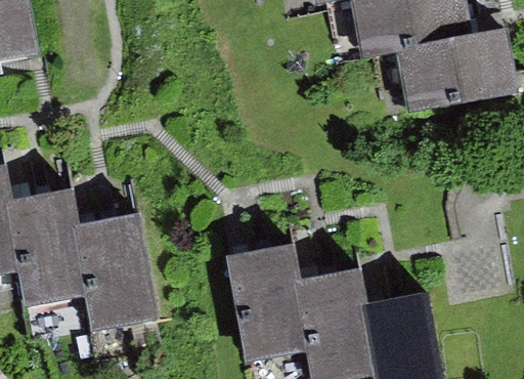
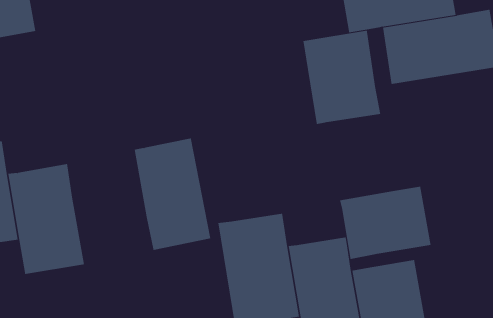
building: none -> [303,30,381,125]
building: [76,214,156,331] -> [134,138,211,251]
building: none -> [340,186,431,260]

